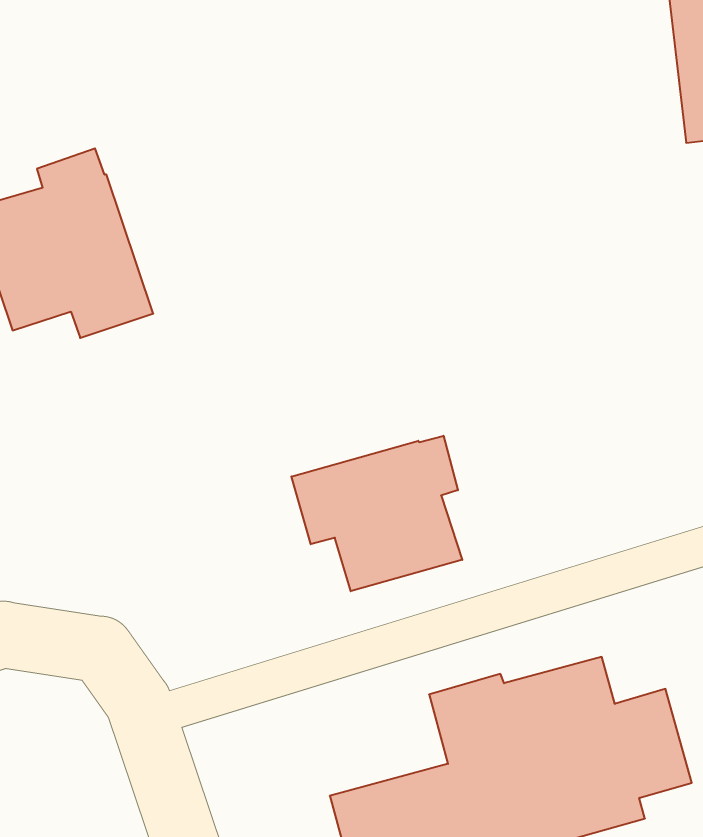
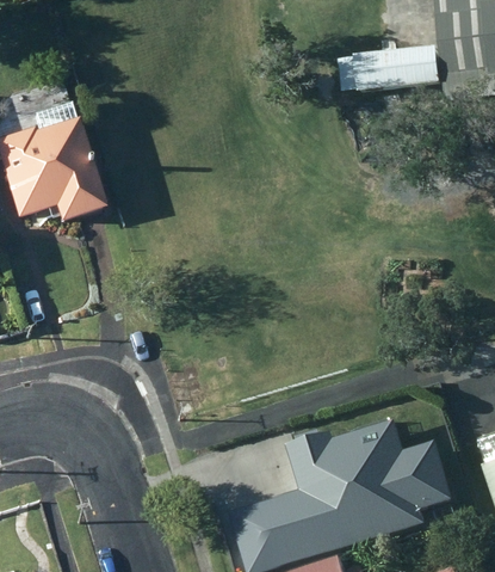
building: none -> [340,42,444,92]
building: [291,436,462,591] -> none

